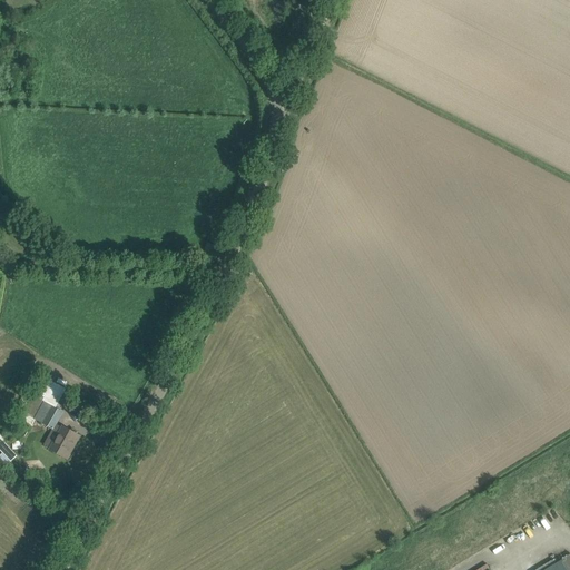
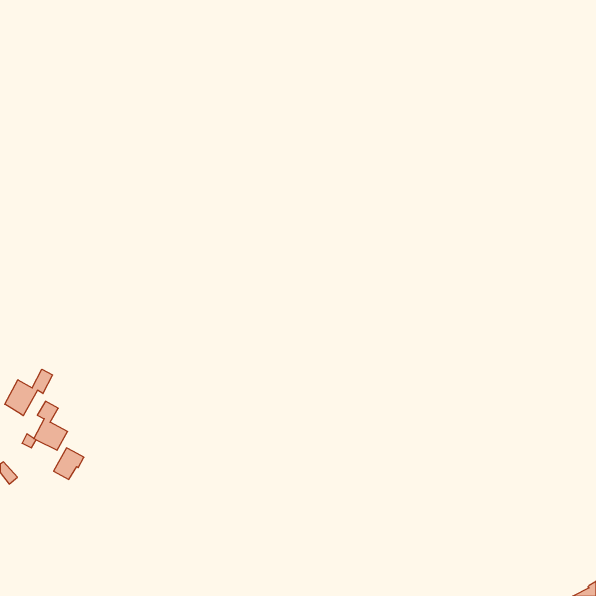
building: none -> [5,369,53,416]

